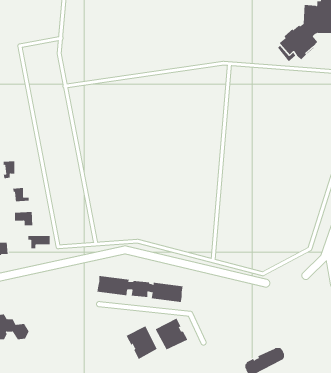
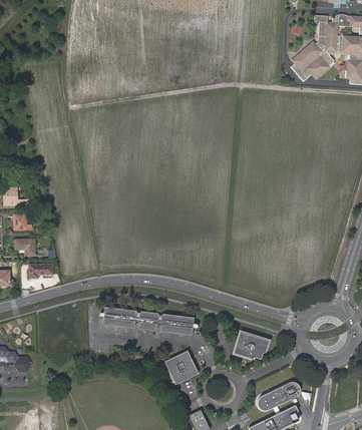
building: none -> [234,332,268,358]
building: [126,325,157,360] -> none

